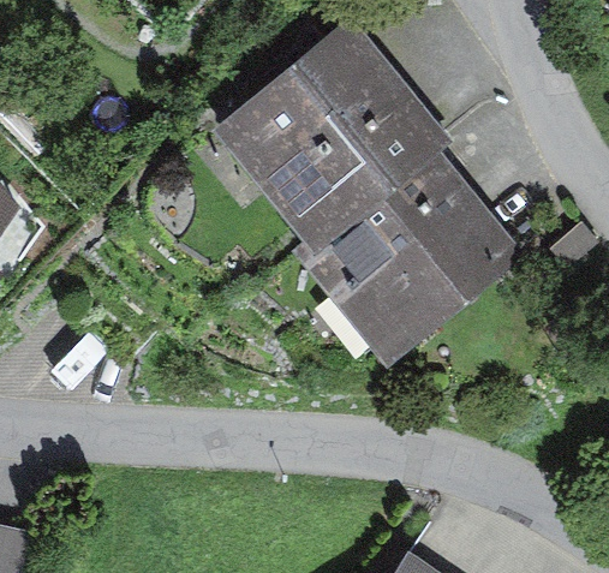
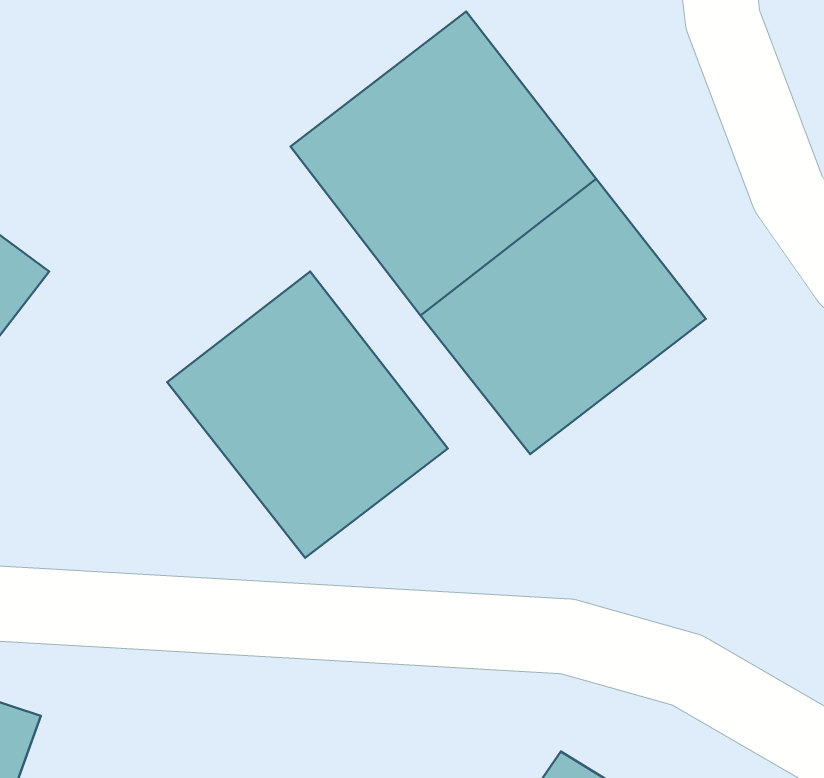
building: none -> [167,271,448,558]

